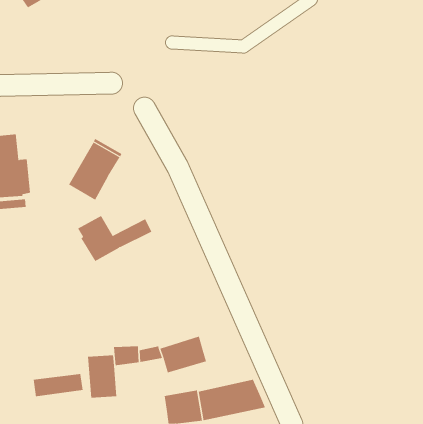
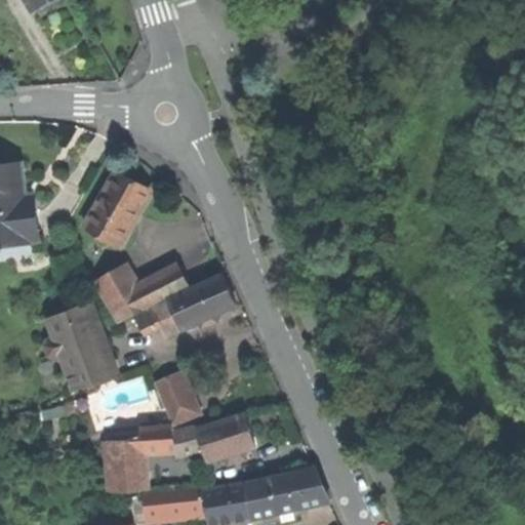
building: none -> [135,276,236,336]
building: none -> [45,301,115,390]
building: none -> [155,371,201,426]
building: [33,374,84,397] -> [143,487,205,516]

